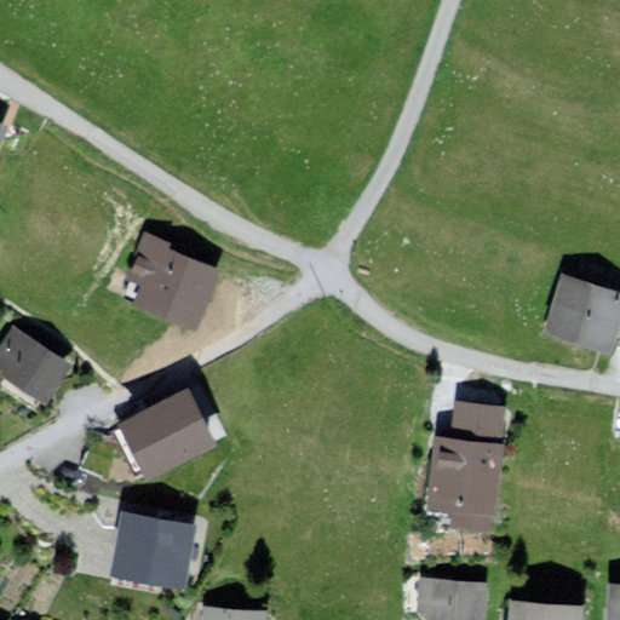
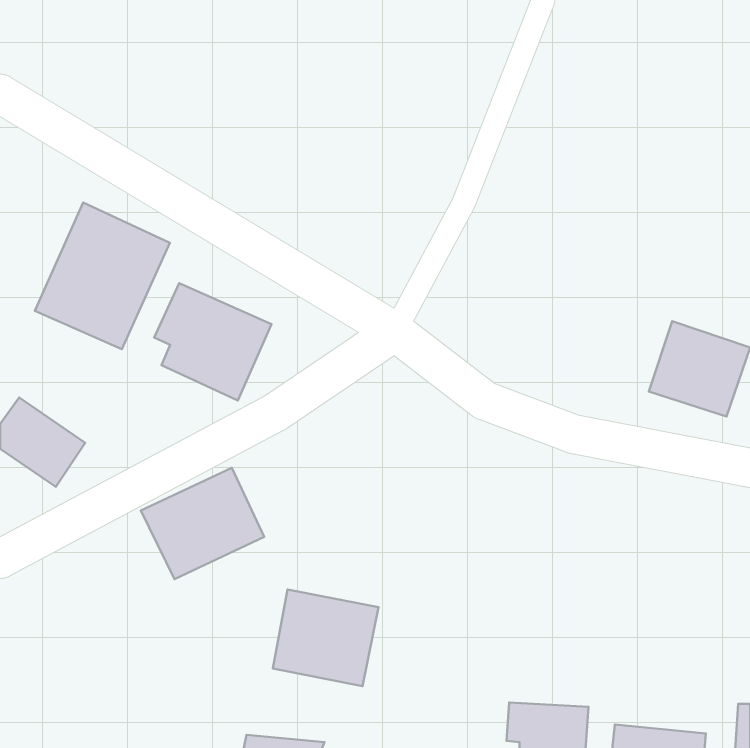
building: none -> [35,203,170,349]
building: [430,408,503,532] -> none
building: [110,506,197,586] -> [273,589,379,686]

